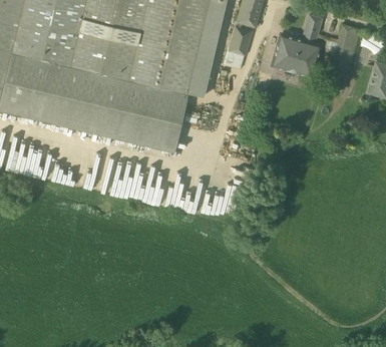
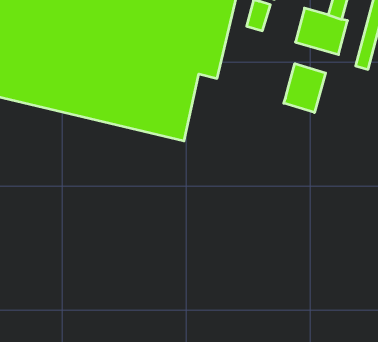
building: none -> [284,64,326,113]

